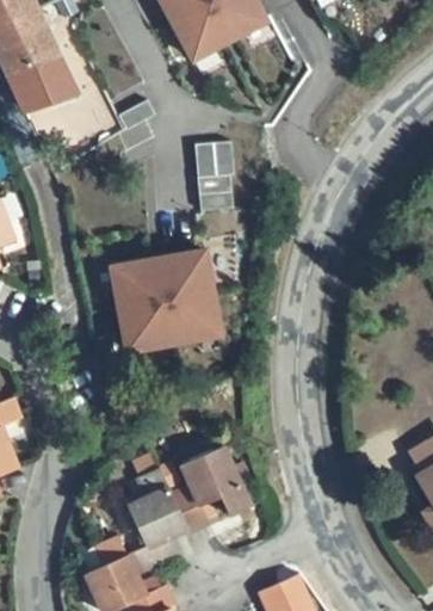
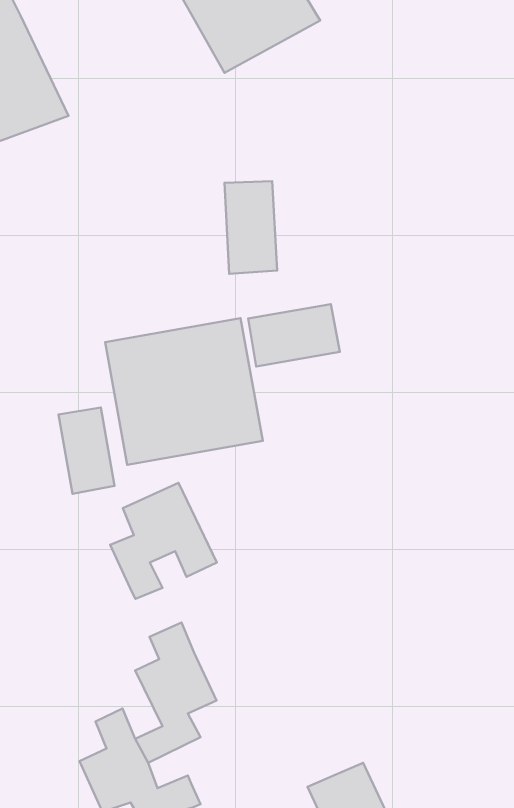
building: none -> [248,304,340,367]
building: none -> [59,408,114,494]
building: [172,446,252,533] -> [110,483,217,599]

